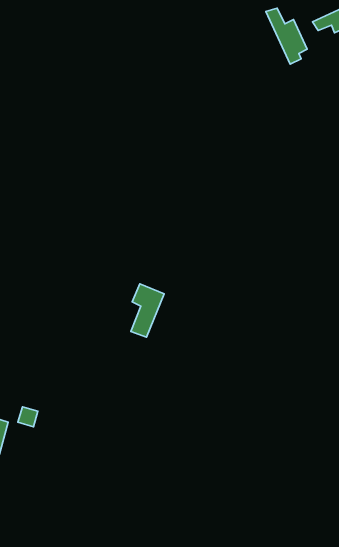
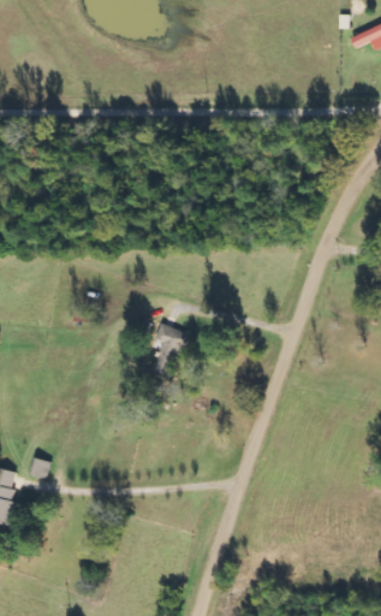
building: [266,8,307,64] -> none

